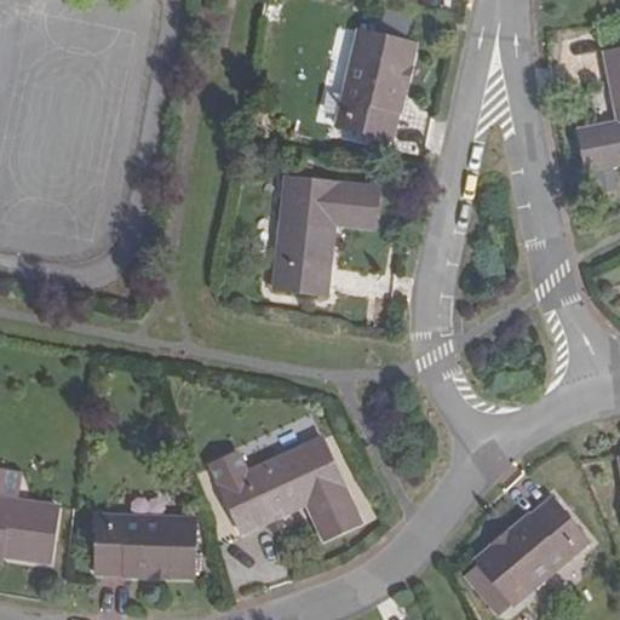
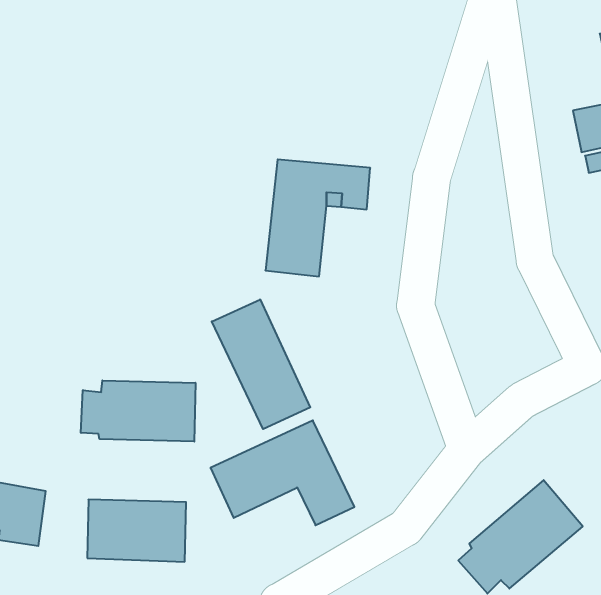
building: [335,30,415,136] -> none
building: none -> [212,299,310,429]
building: none -> [81,380,195,442]

